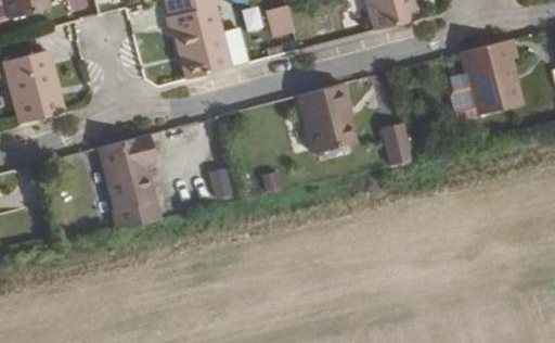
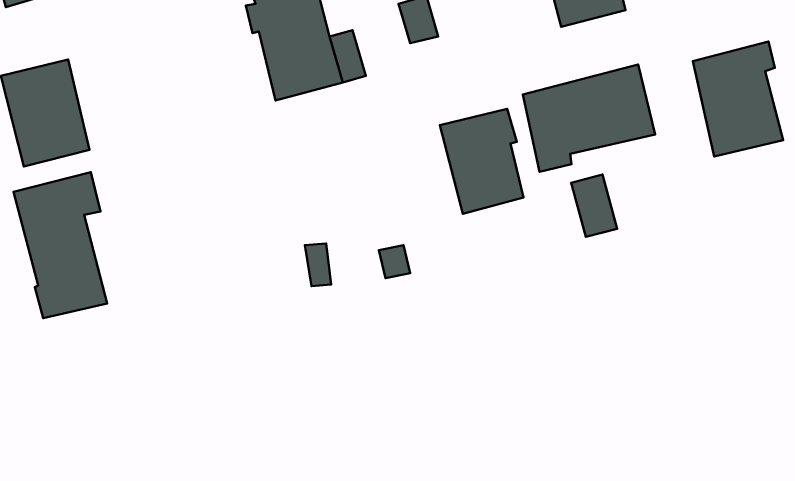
building: none -> [523,65,655,172]
building: [96,134,158,230] -> [14,172,107,318]

